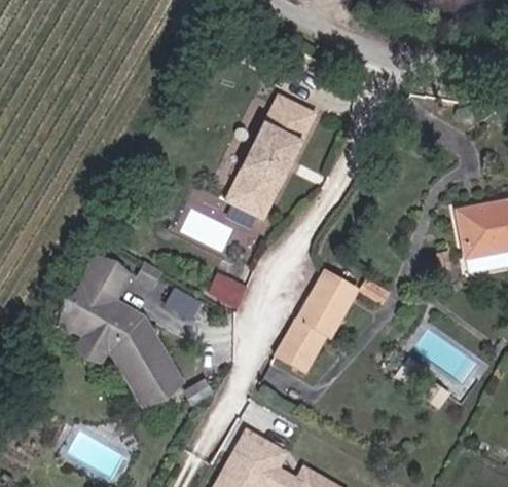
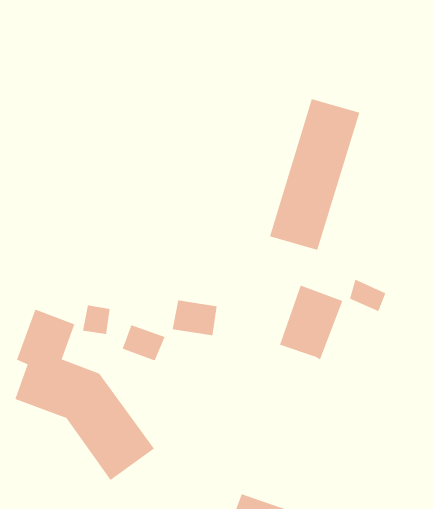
building: [228,93,318,218] -> [269,99,360,251]
building: [273,319,321,372] -> none

